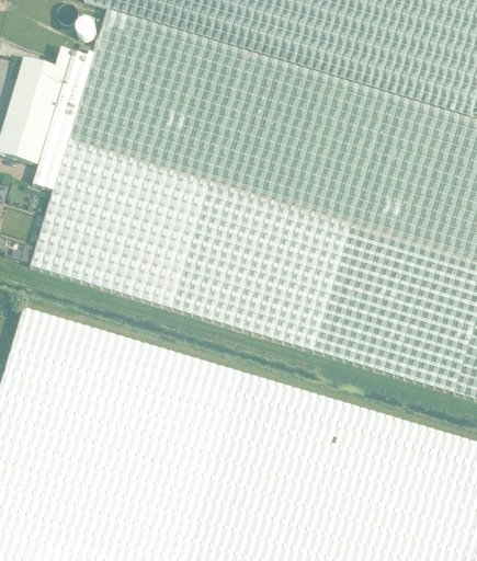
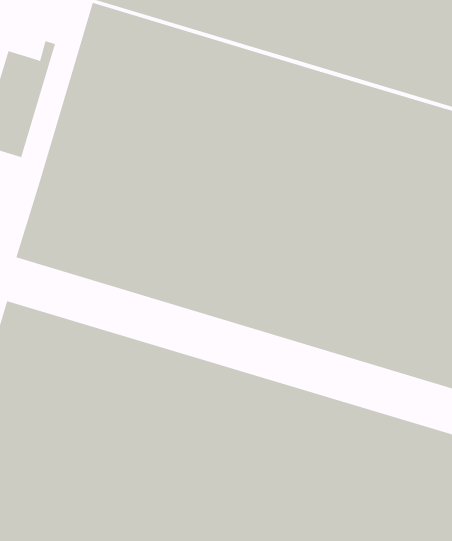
building: [35,53,94,192] -> none

